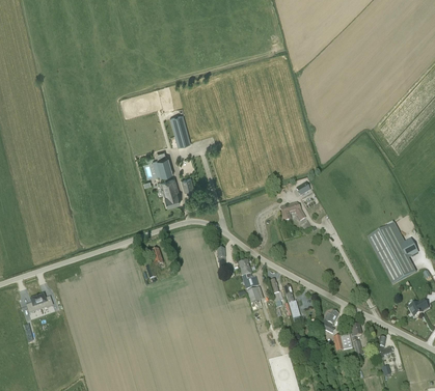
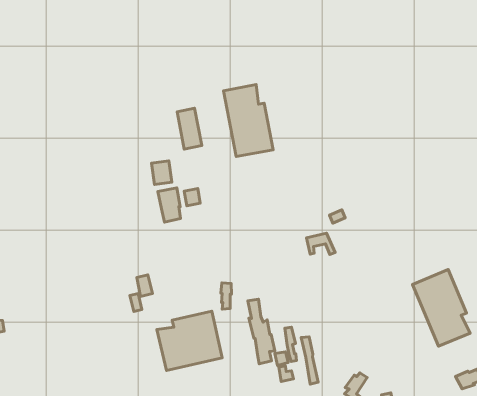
building: none -> [224,84,273,157]
building: none -> [157,311,222,370]

